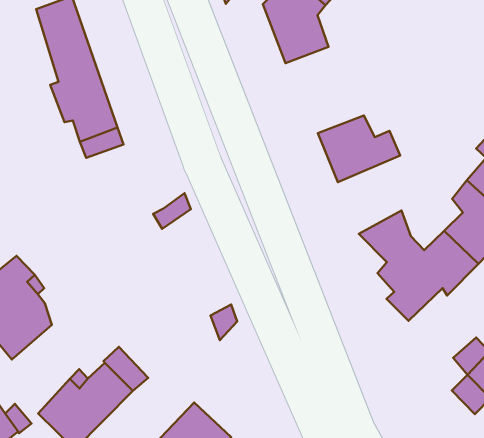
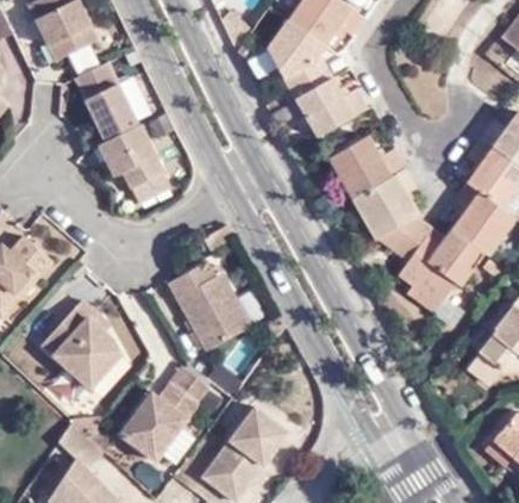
building: none -> [296,82,365,141]
building: none -> [355,169,417,242]
building: none -> [167,263,252,348]

